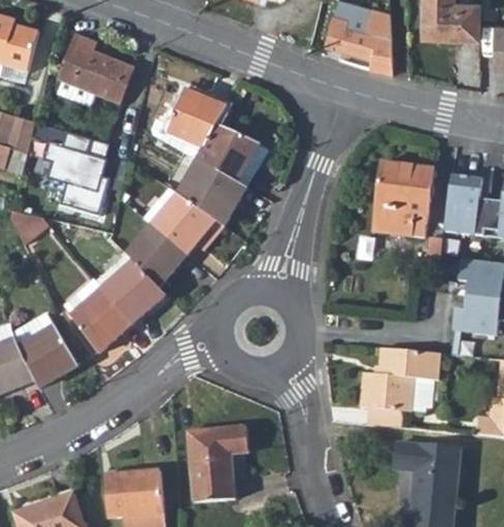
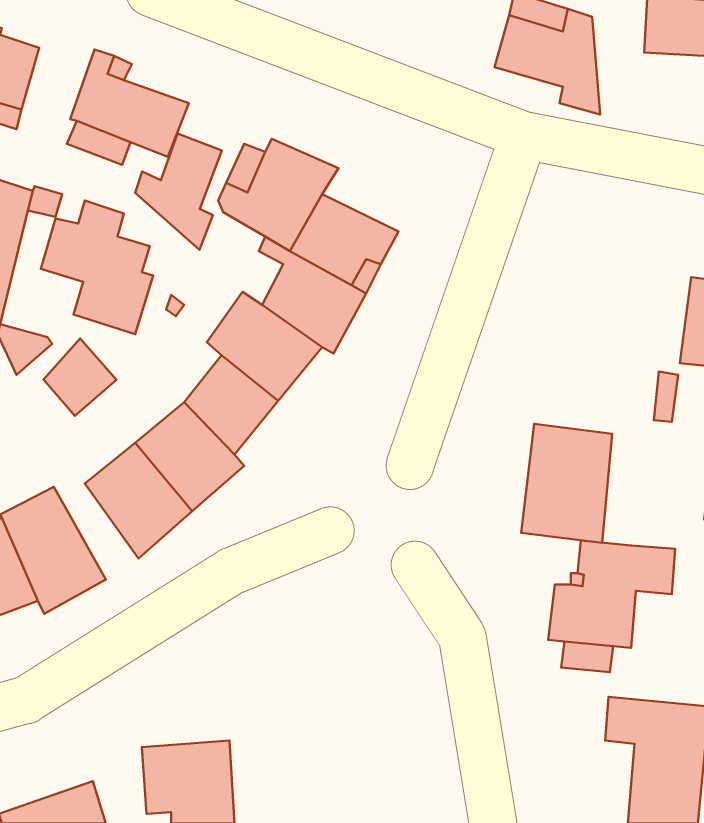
building: none -> [135,134,222,250]
building: [375,161,433,236] -> [521,424,612,543]
building: none -> [44,338,117,416]
building: [186,425,247,502] -> none

